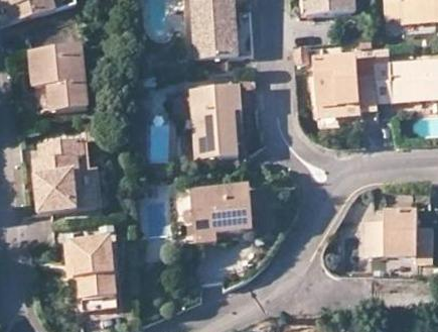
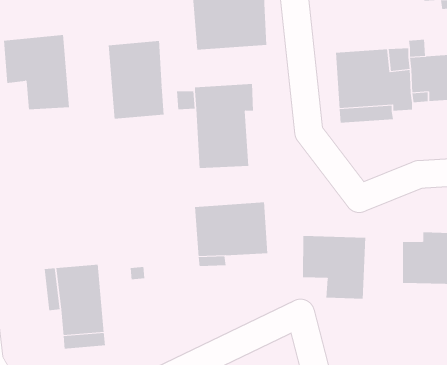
building: none -> [108,40,164,119]
building: [33,138,97,211] -> none
building: none -> [302,235,366,299]

